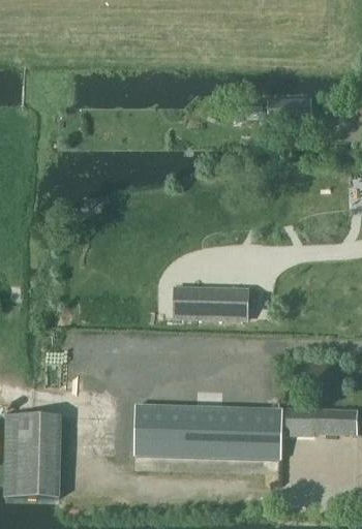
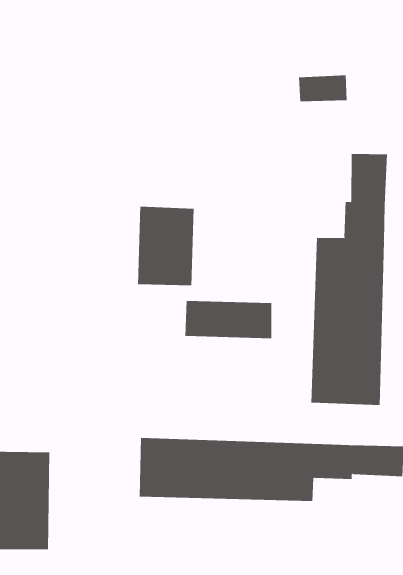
building: none -> [311,153,387,406]
building: none -> [138,206,194,286]

